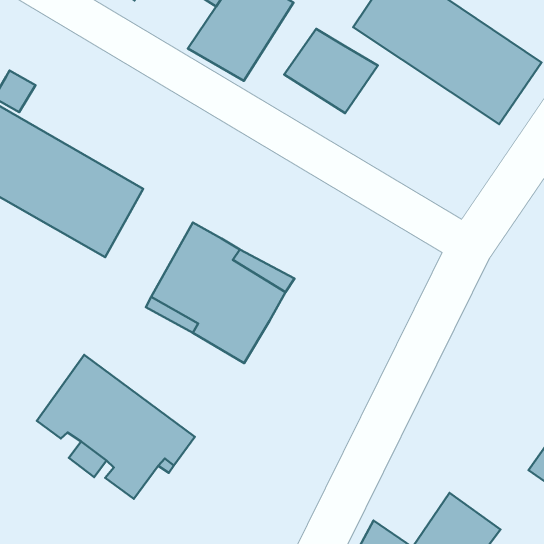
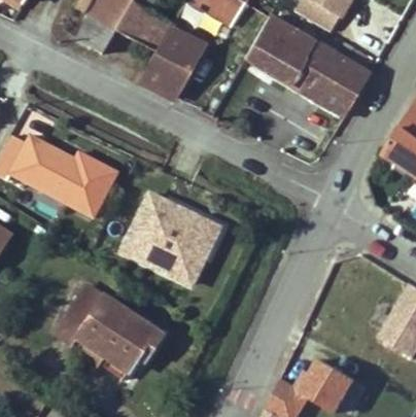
building: [284,29,378,113] -> none

